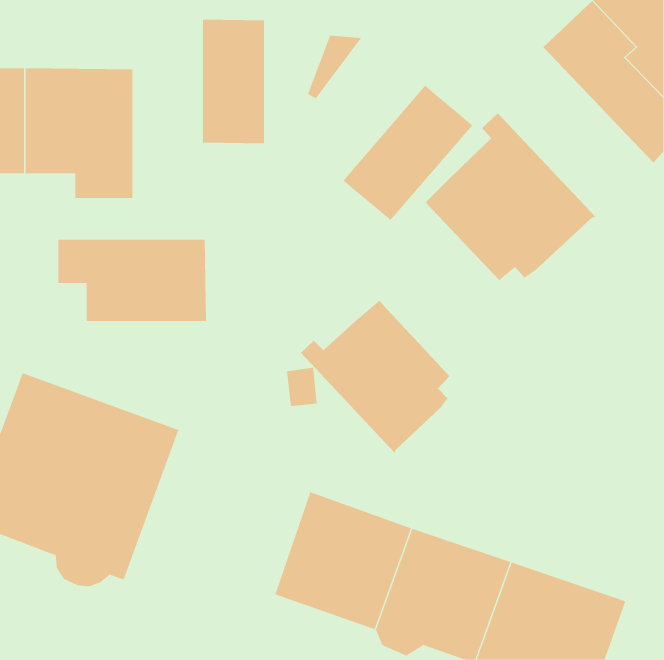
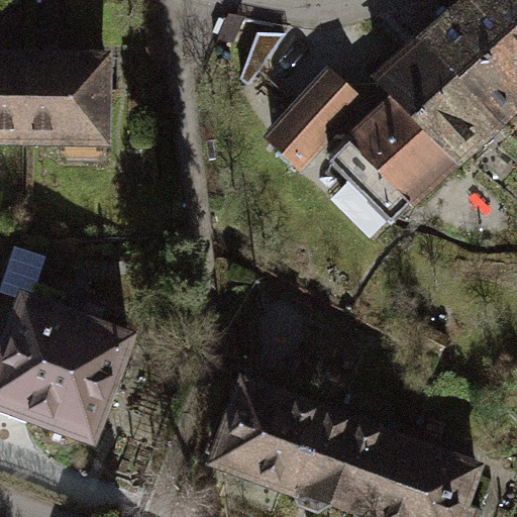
building: [203,19,265,144] -> none
building: none -> [377,36,505,168]
building: [58,239,207,322] -> none
building: [300,300,450,454] -> none

